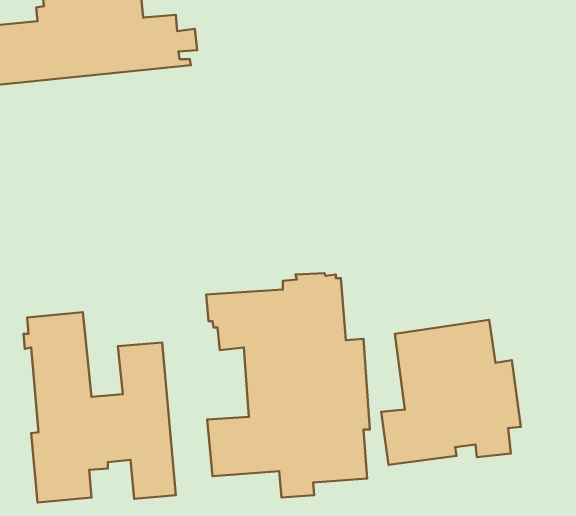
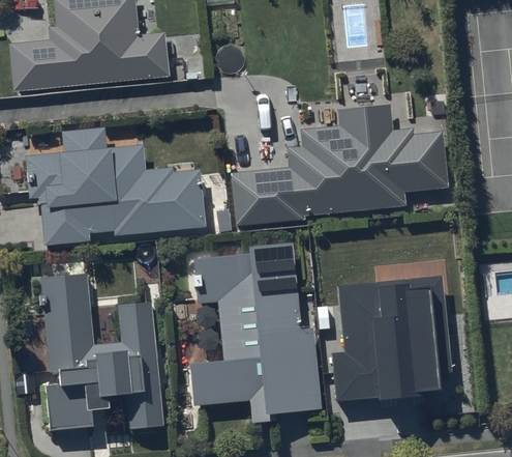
building: none -> [230,102,445,223]
building: none -> [29,135,209,247]

